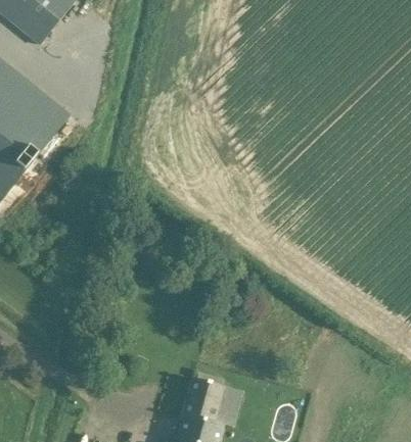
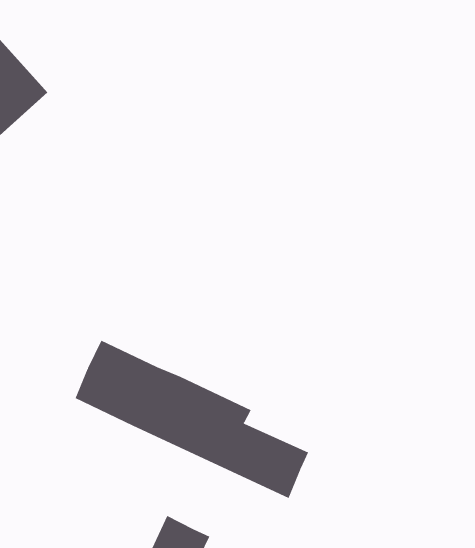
building: none -> [75,340,309,499]

